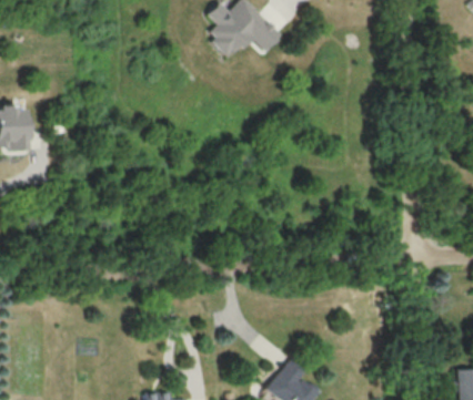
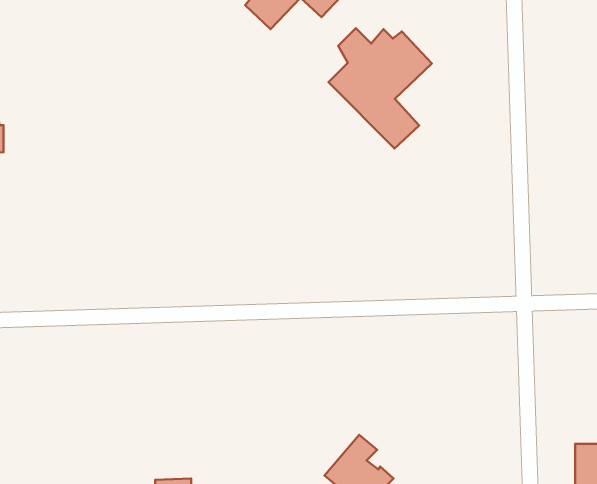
building: none -> [328,28,432,148]

